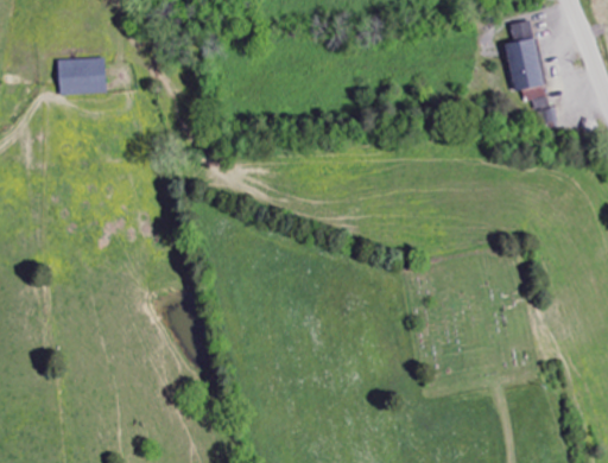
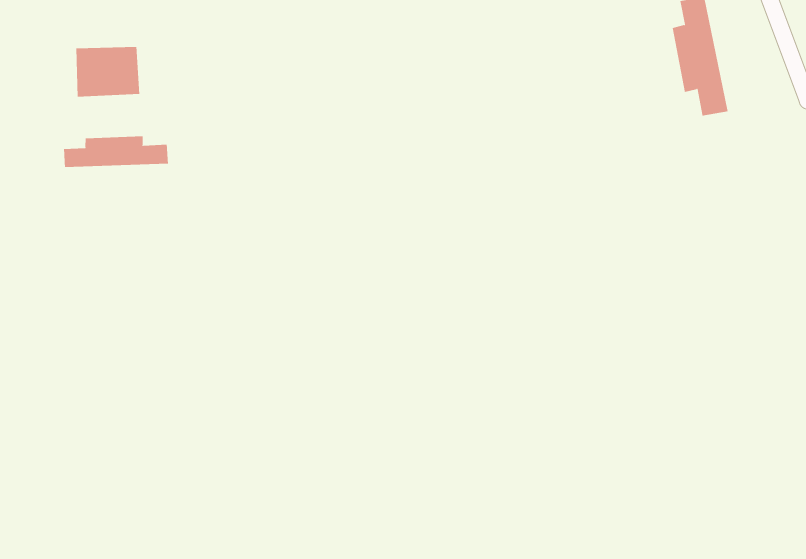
building: none -> [64,135,168,168]

